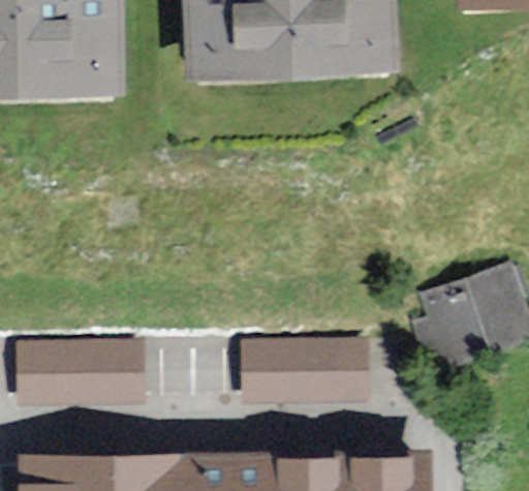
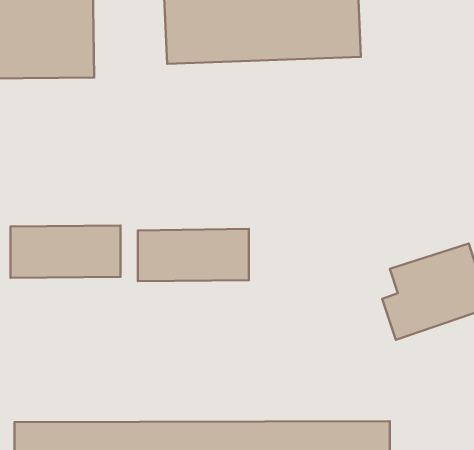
building: [244,341,362,397] -> [138,229,249,281]
building: [20,343,136,399] -> [10,226,120,278]

